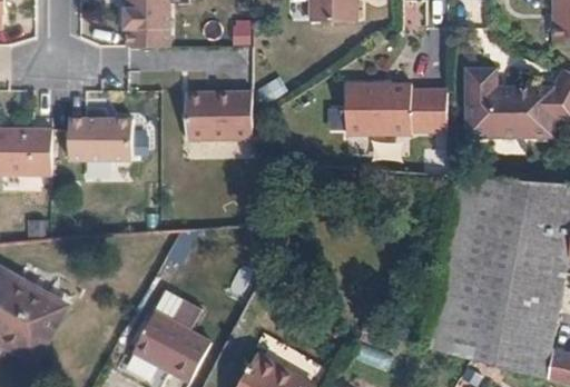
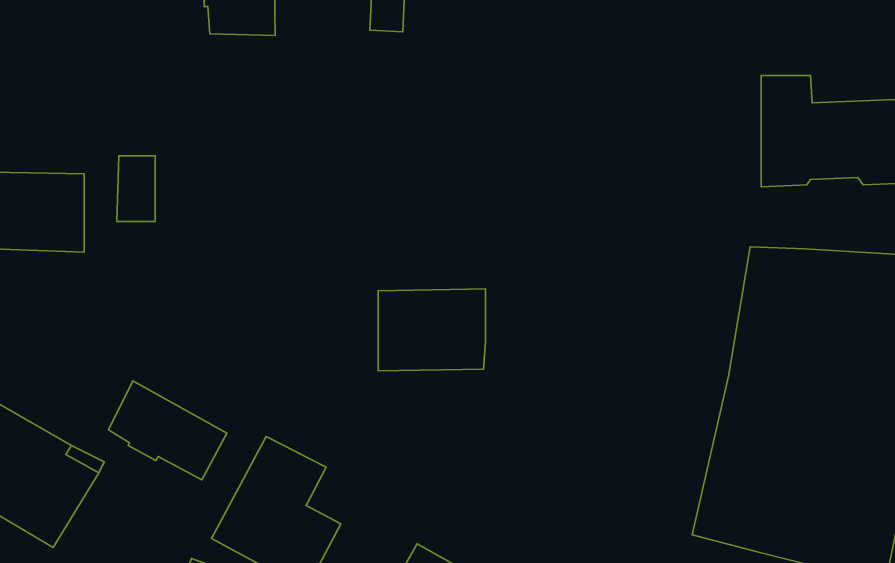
building: [347,83,449,132] -> none
building: [185,88,250,138] -> [378,289,485,371]
building: [98,117,135,158] -> none
building: none -> [108,381,227,480]

